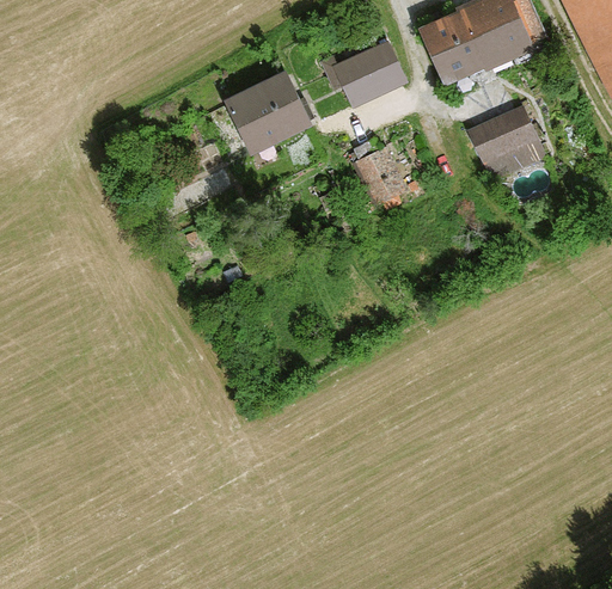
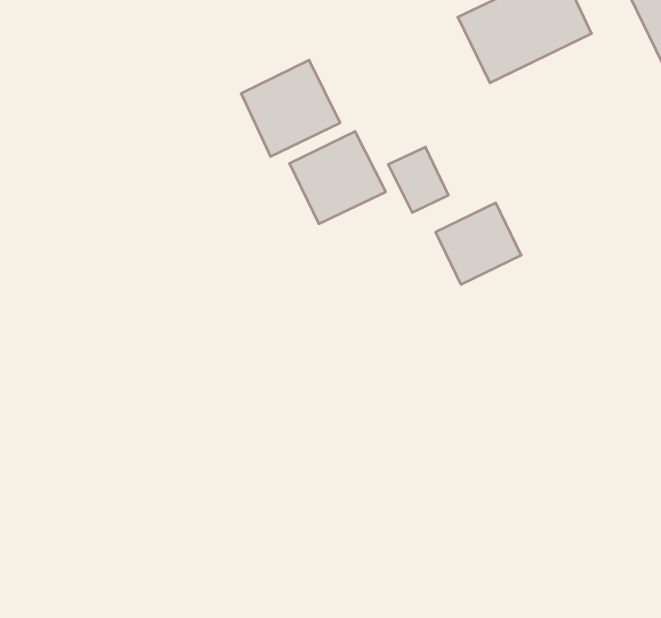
building: [325,30,411,112] -> [289,131,386,224]
building: [471,104,547,177] -> [436,203,521,284]

